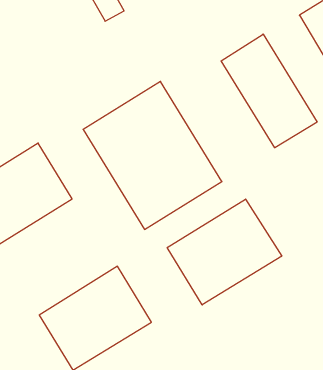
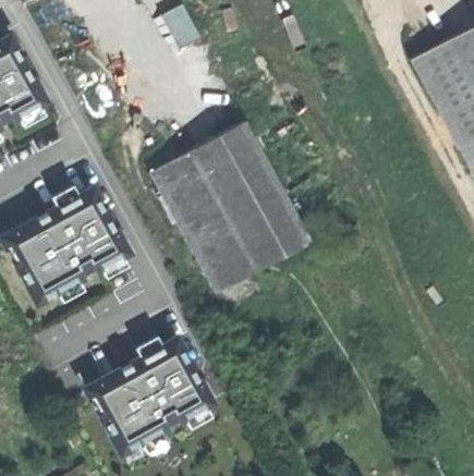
building: [221,34,317,148] -> none
building: [167,199,282,305] -> none

